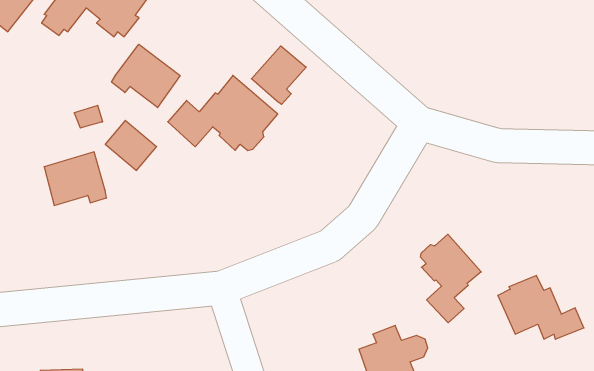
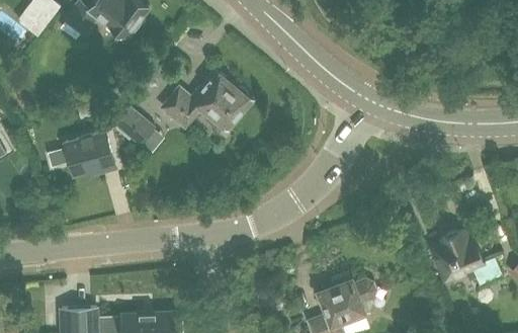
building: [112,44,180,108] -> none
building: [251,46,306,104] -> none
building: [421,234,481,323] -> none

